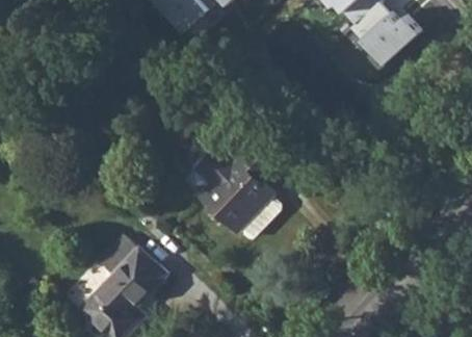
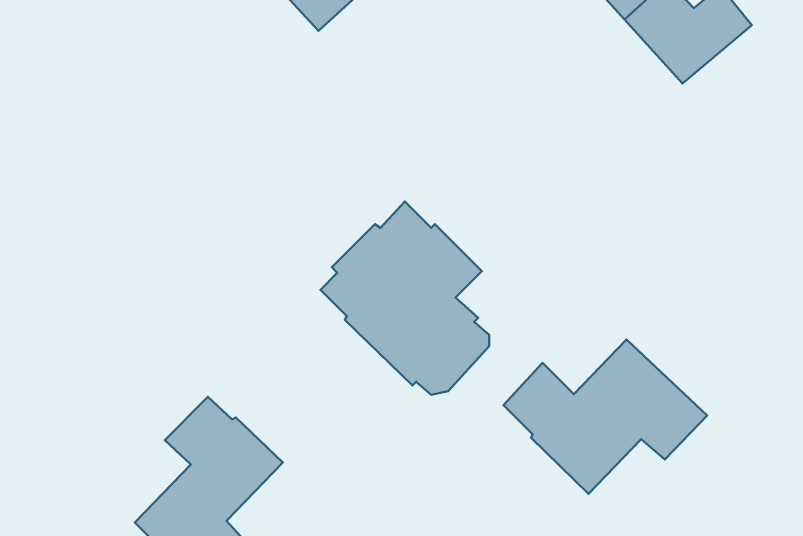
building: none -> [504,339,707,494]

